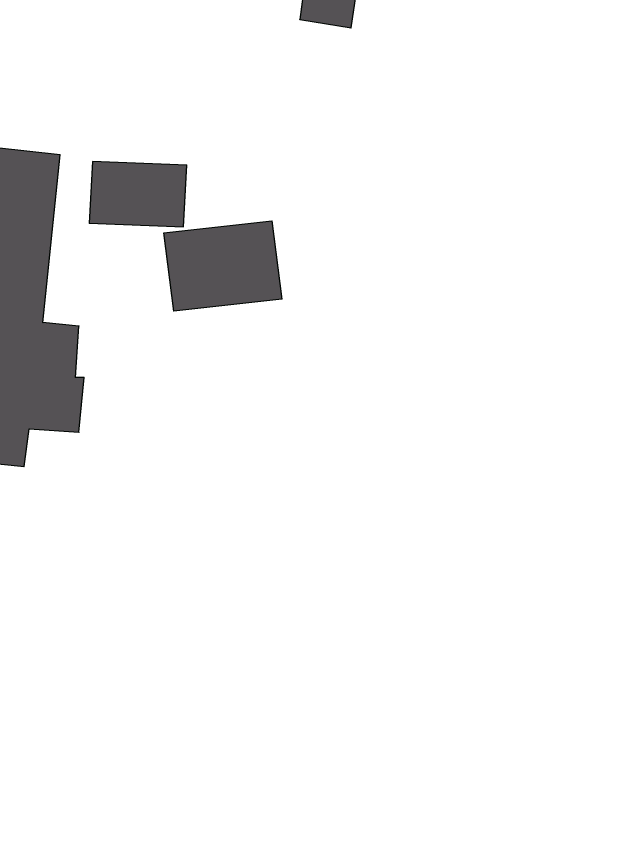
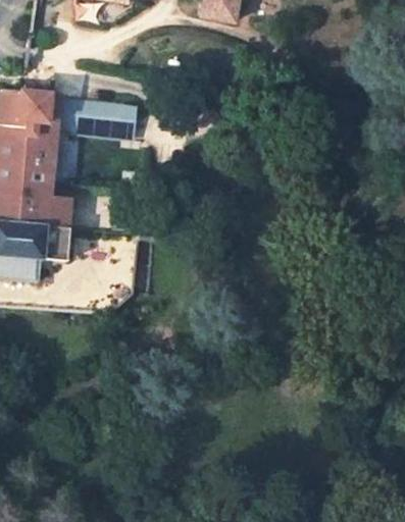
building: [164,221,282,311] -> none

